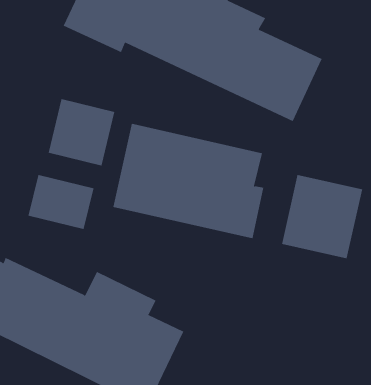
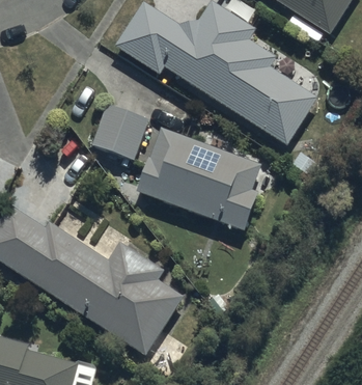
building: [281,174,363,259] -> none
building: [28,174,94,230] -> none

